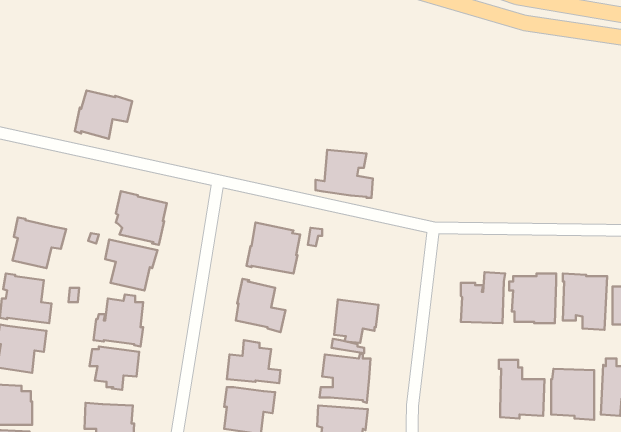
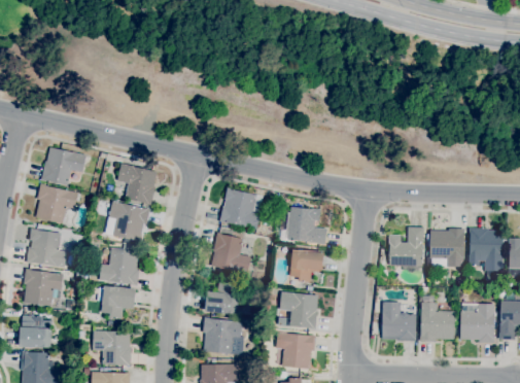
building: [75,91,132,139] -> [41,147,86,185]
building: [315,150,373,198] -> [281,206,326,244]
building: none -> [382,302,416,341]

